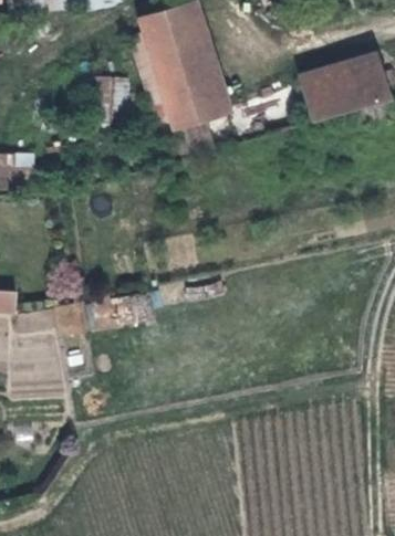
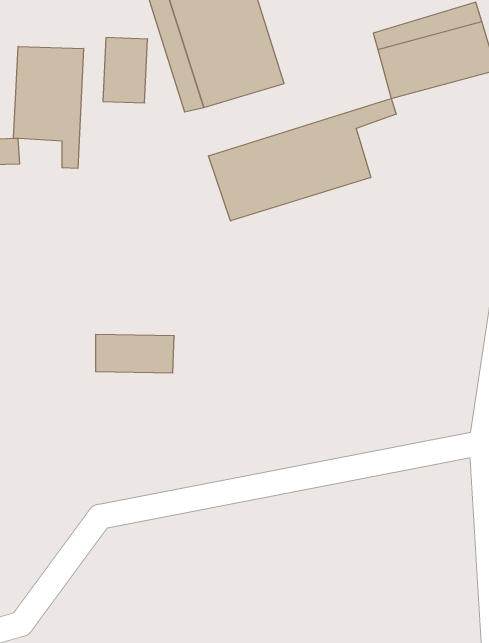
building: none -> [13,46,84,168]
building: none -> [208,98,396,221]

